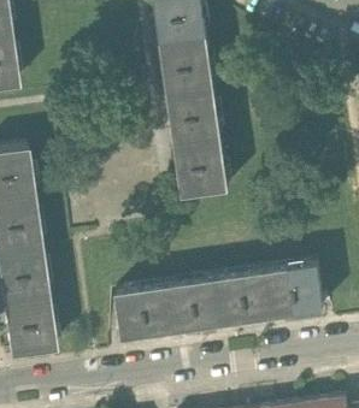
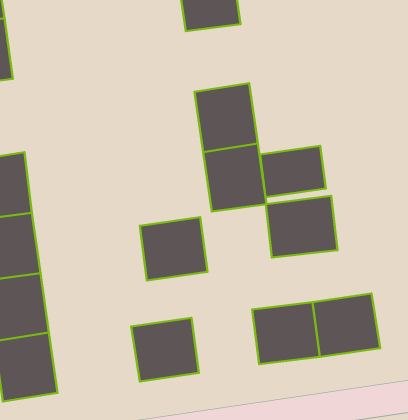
building: [161,37,214,94] -> none
building: none -> [260,146,326,197]
building: none -> [266,196,338,257]
building: [166,276,223,329] -> [140,217,207,280]

